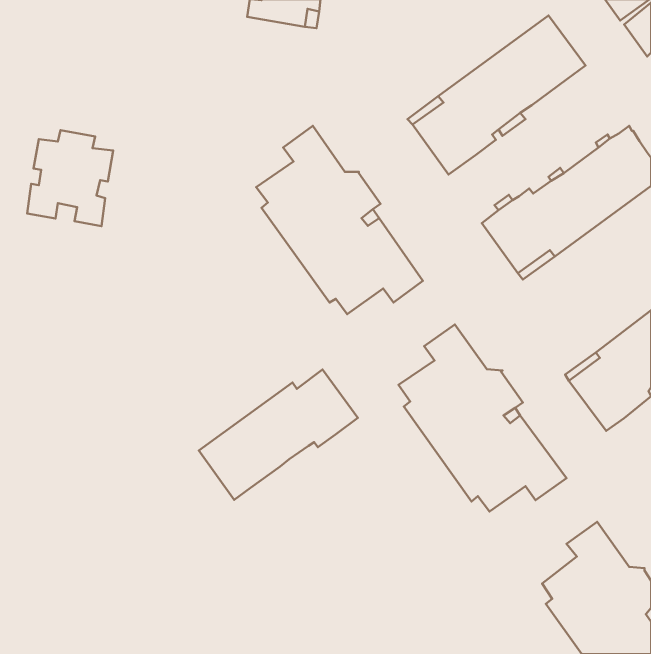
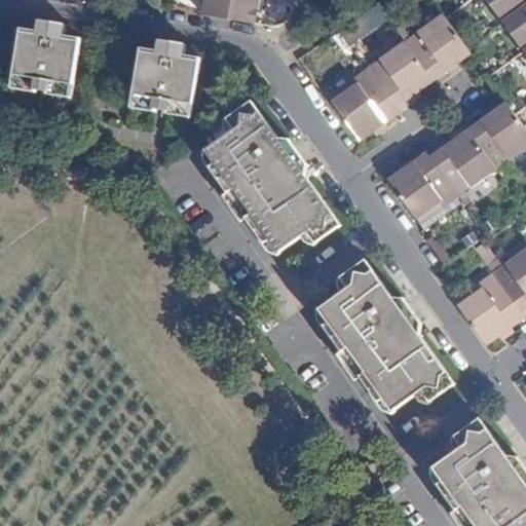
building: none -> [129,41,199,117]
building: [27,130,113,226] -> [10,22,79,99]
building: [199,370,358,500] -> none

